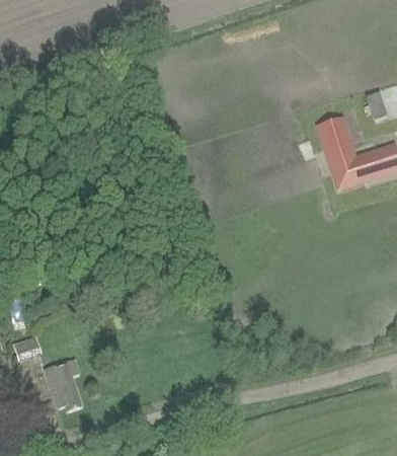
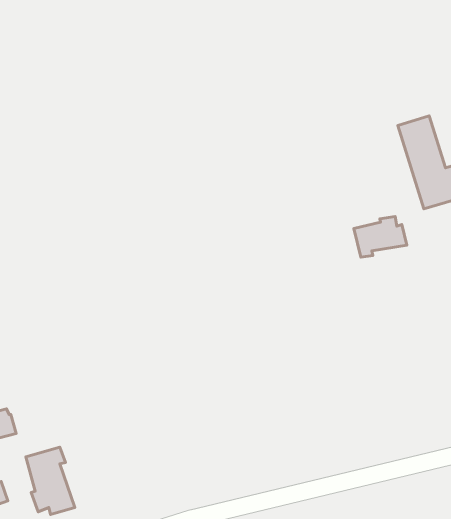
building: none -> [354,216,407,257]

